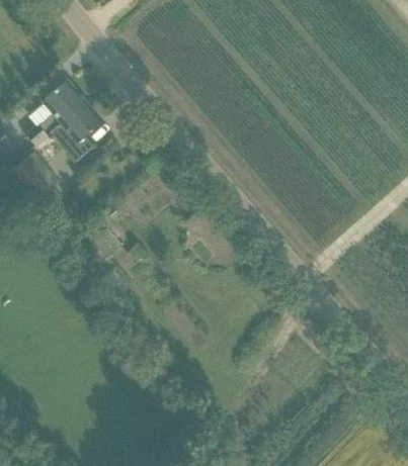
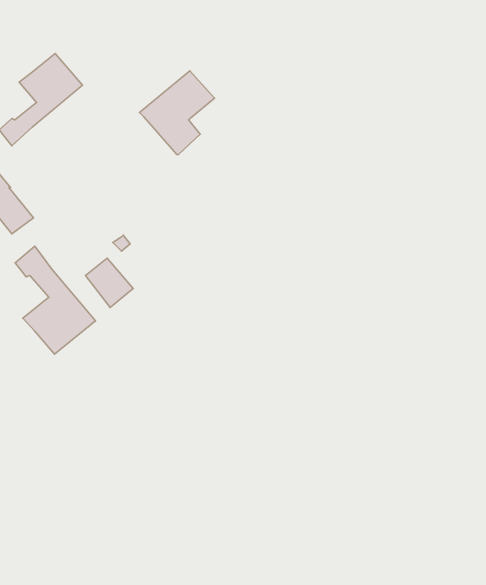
building: [52,100,104,159] -> [139,71,214,154]
building: none -> [15,246,96,354]

